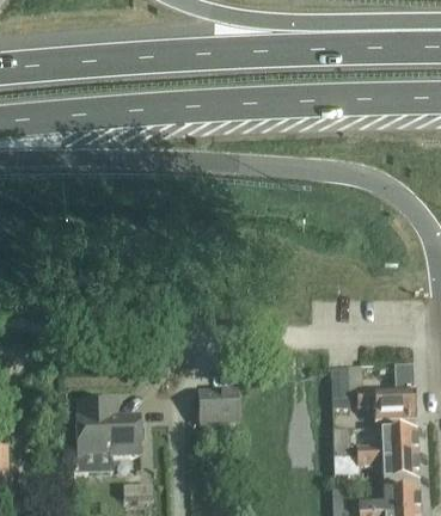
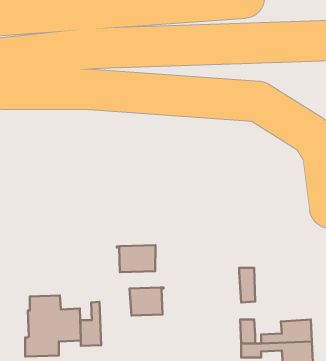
building: none -> [117,245,156,272]
building: [357,363,417,420] -> none
building: none -> [81,302,101,346]

